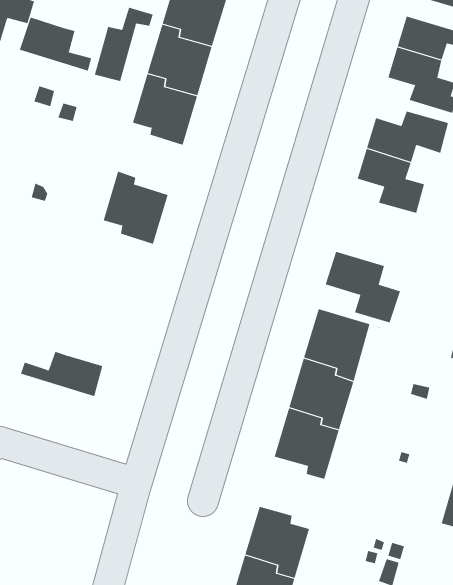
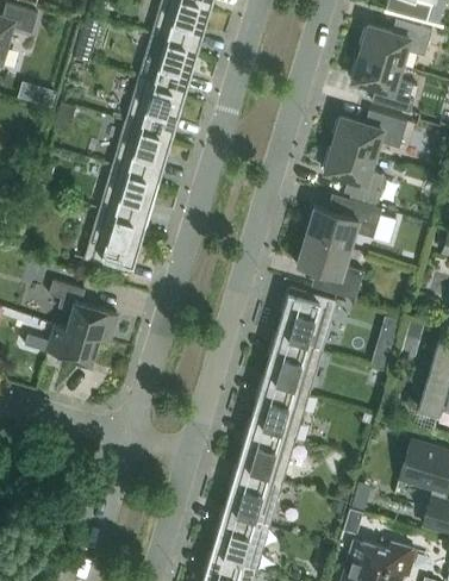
building: [94,7,154,82] -> none
building: [19,17,92,71] -> none
building: none -> [111,121,169,186]
building: none -> [305,199,381,249]
building: none -> [74,208,143,274]
building: none -> [48,281,118,343]
building: none -> [237,419,295,483]

